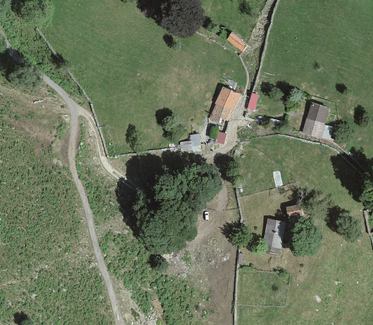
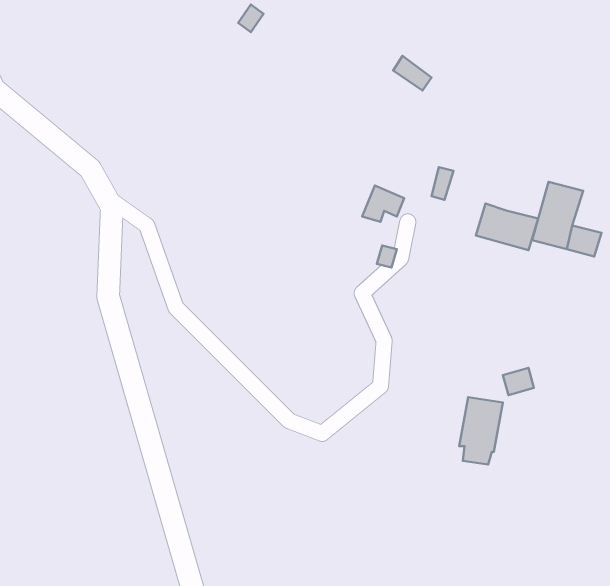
building: [215,86,241,110] -> none
building: none -> [476,204,538,250]

